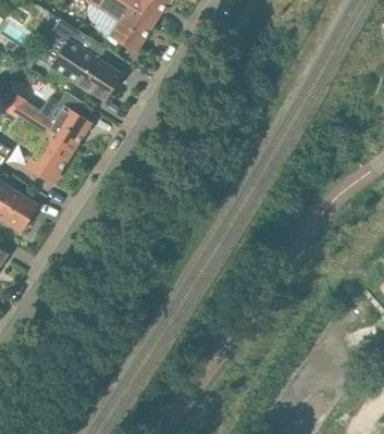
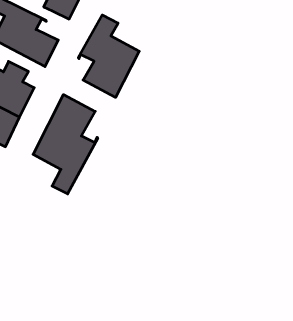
building: none -> [78,15,139,97]
building: none -> [33,95,98,194]

